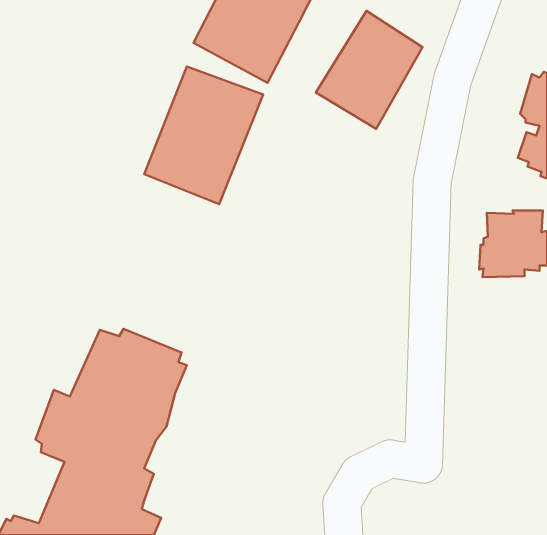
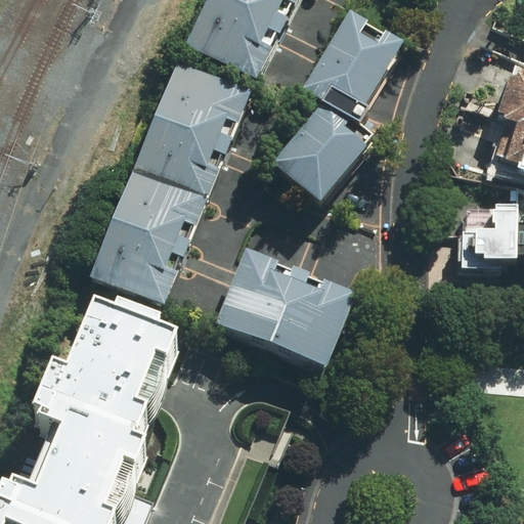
building: none -> [271,103,369,202]
building: none -> [88,170,206,304]
building: none -> [208,245,356,372]

